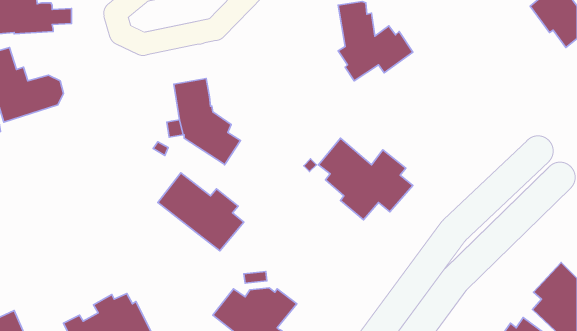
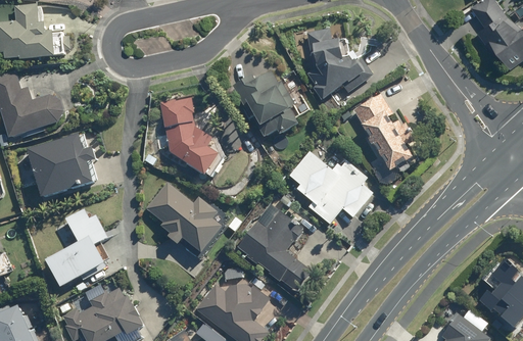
building: none -> [232,68,300,135]
building: none -> [354,92,414,169]
building: none -> [28,132,94,195]
building: none -> [46,208,107,285]
building: none -> [237,211,310,290]

